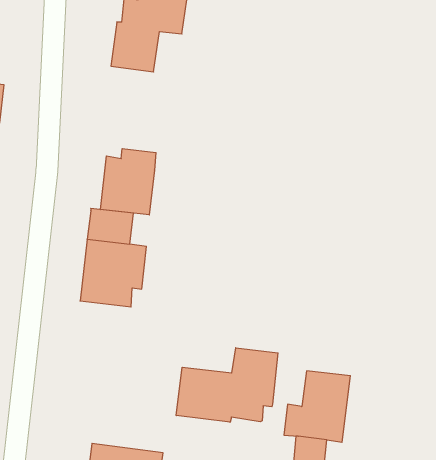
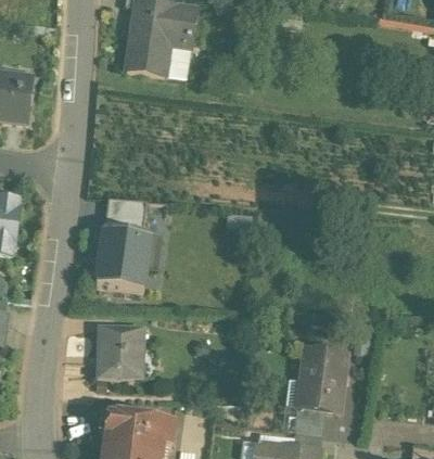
building: [101,149,156,215] -> none
building: [176,348,278,422] -> none
building: none -> [95,328,144,377]

